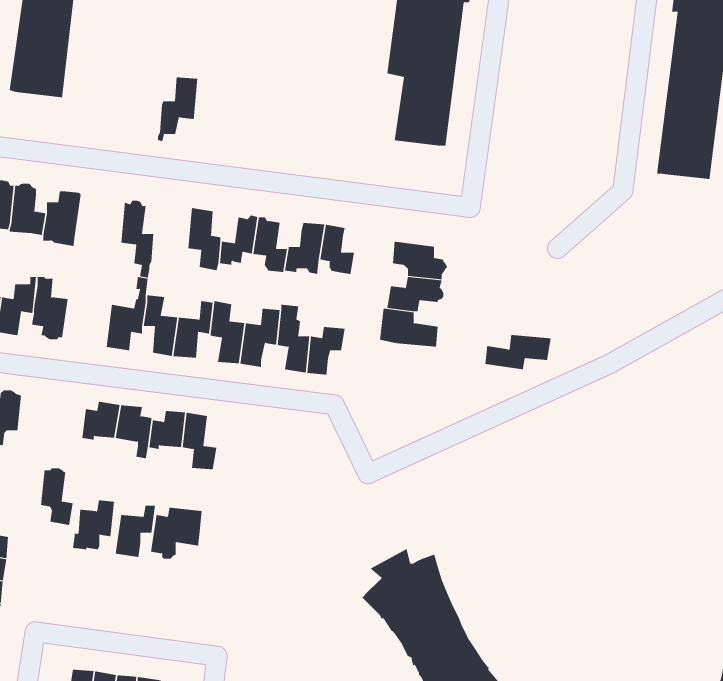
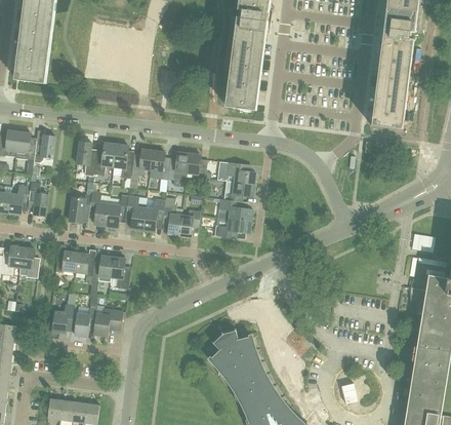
building: [157,77,198,142] -> [92,142,115,178]
building: [485,334,552,370] -> [213,218,250,237]
building: [40,468,74,526] -> [19,245,38,277]

